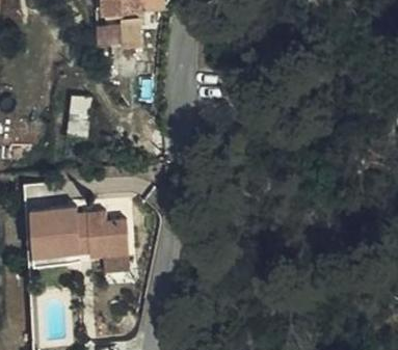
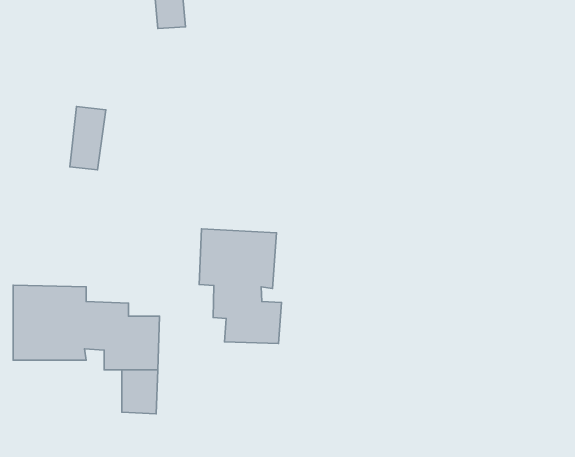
building: none -> [199,229,281,343]

